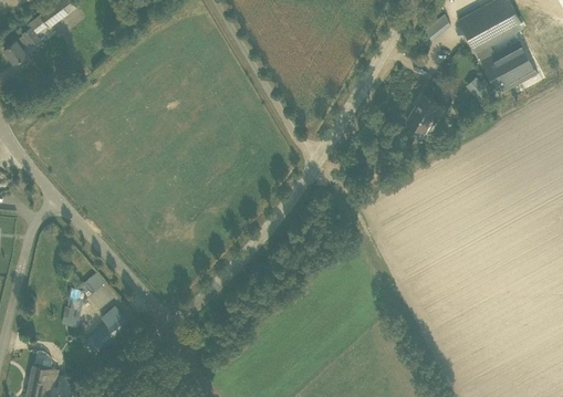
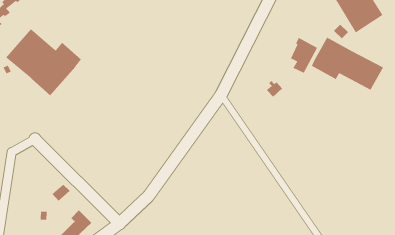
building: none -> [5,28,82,96]
building: none -> [311,36,384,91]

